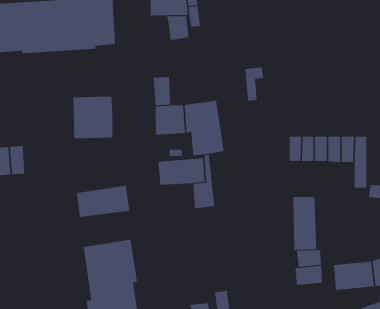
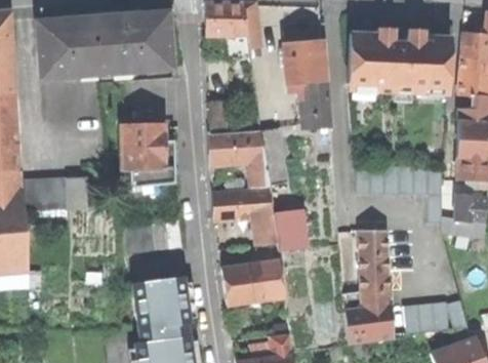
building: none -> [348,33,450,92]
building: none -> [283,40,324,81]
building: none -> [273,209,302,248]
building: none -> [220,259,284,304]
building: none -> [344,308,393,339]

